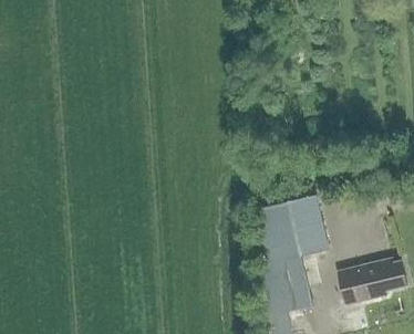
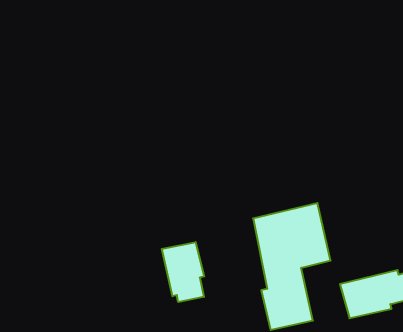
building: none -> [162,242,204,302]

